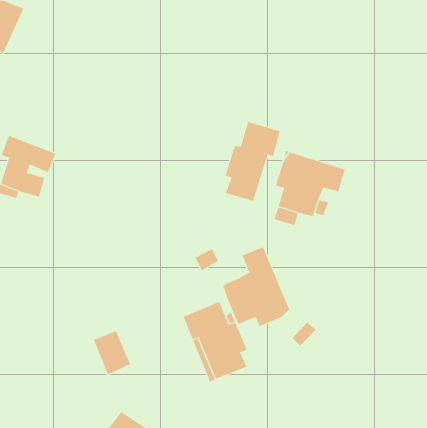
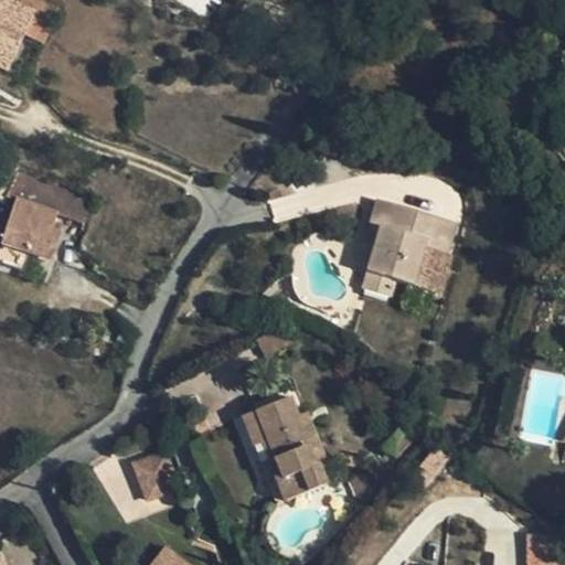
building: [225,121,281,202] -> none
building: [222,247,290,327] -> none

